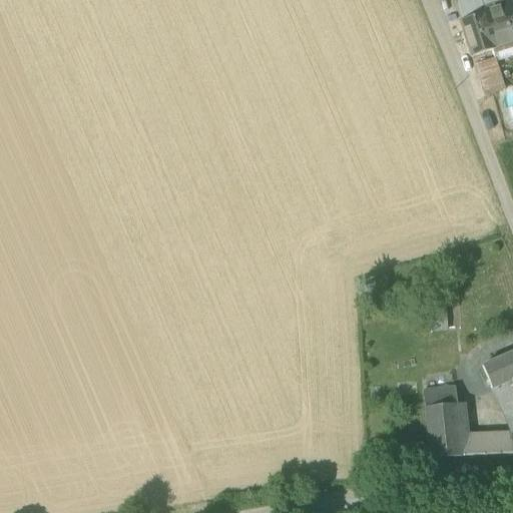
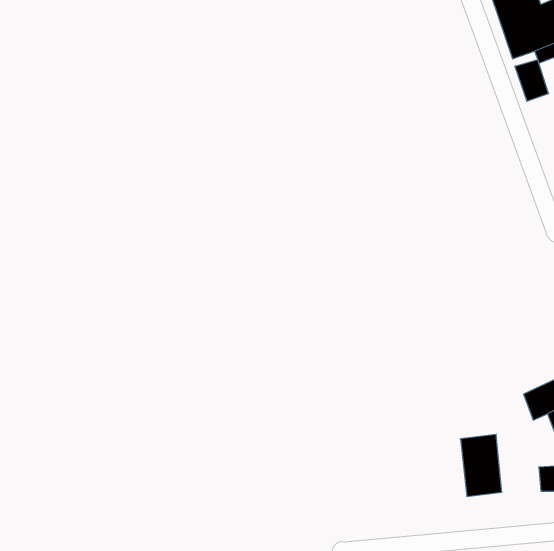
building: [424,384,459,404] -> none
building: [462,430,500,453] -> none

